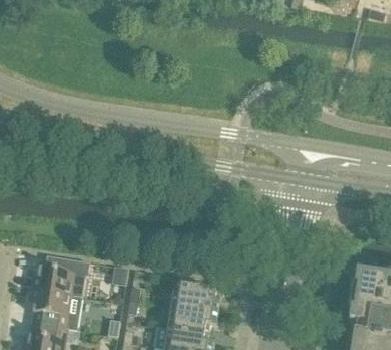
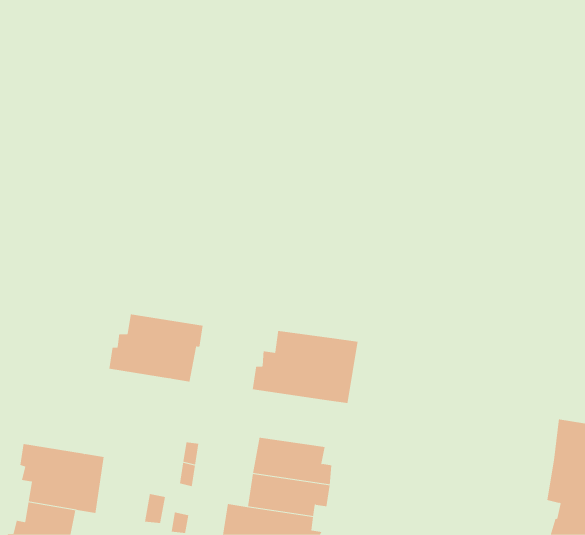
building: none -> [252,330,358,404]
building: [32,253,89,295] -> [109,314,203,382]

